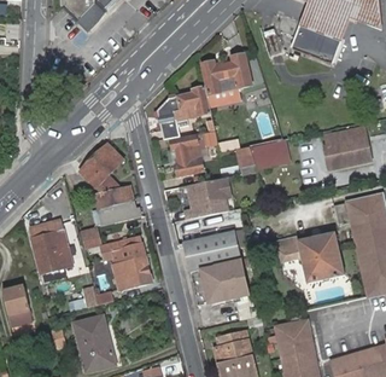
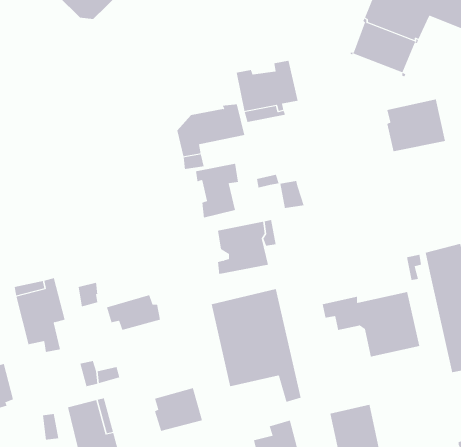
building: [324,127,370,168] -> [386,99,446,152]
building: [78,143,140,219] -> none
building: [250,144,287,170] -> none
building: [113,254,151,288] -> [154,388,203,431]

